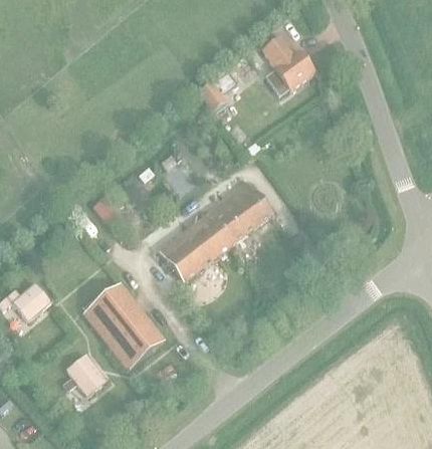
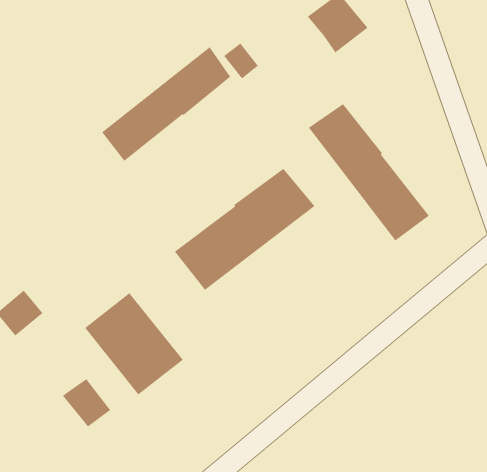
building: none -> [101,46,231,162]
building: none -> [308,103,430,242]

